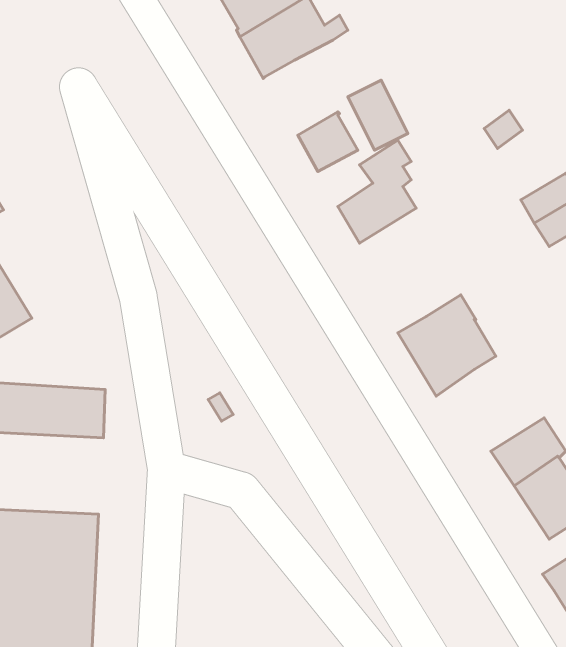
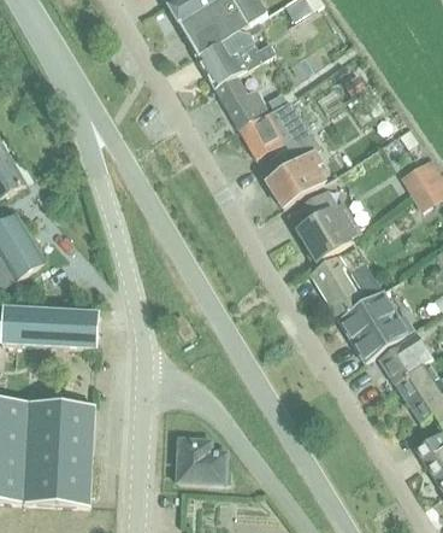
building: none -> [213,74,266,128]
building: none -> [293,189,359,262]
building: none -> [337,291,412,361]
building: none -> [175,437,230,484]

